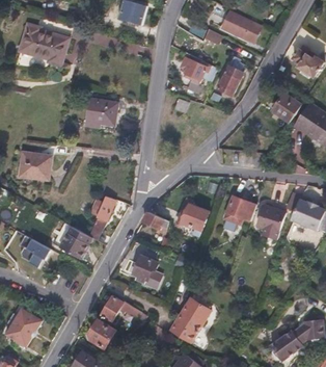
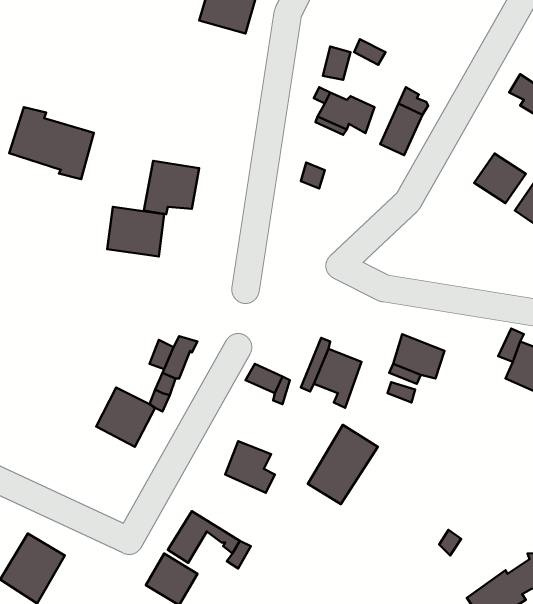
building: [223,11,263,44] -> none
building: [20,24,67,64] -> [9,107,94,179]
building: [20,152,52,180] -> [107,207,164,257]
building: [256,205,284,239] -> none
building: [21,235,52,268] -> none
building: [171,297,211,342] -> [308,425,378,504]

